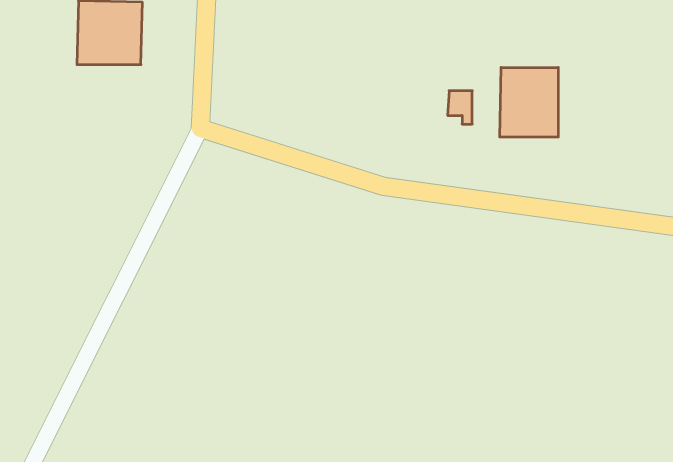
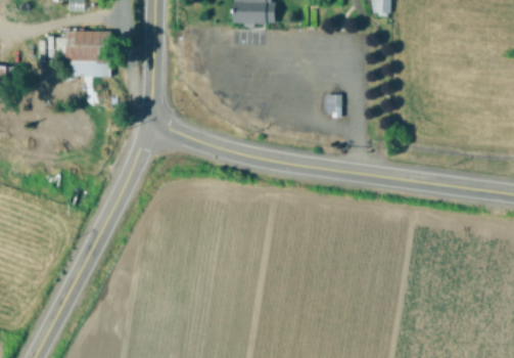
building: [500,67,558,137] -> none

